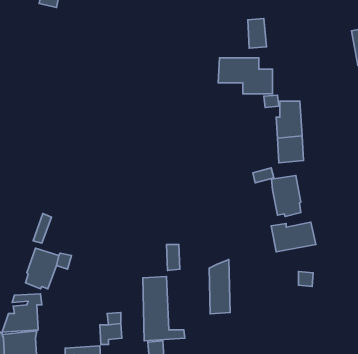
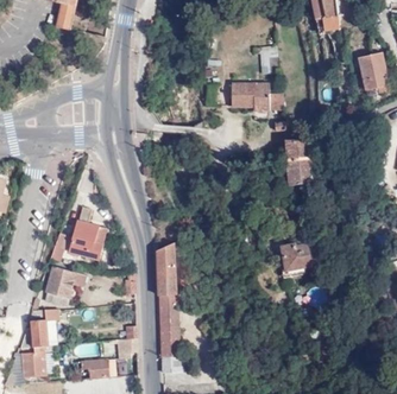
building: [271,175,301,217] -> none
building: none -> [68,205,109,260]
building: [209,259,230,314] -> [158,240,178,292]

